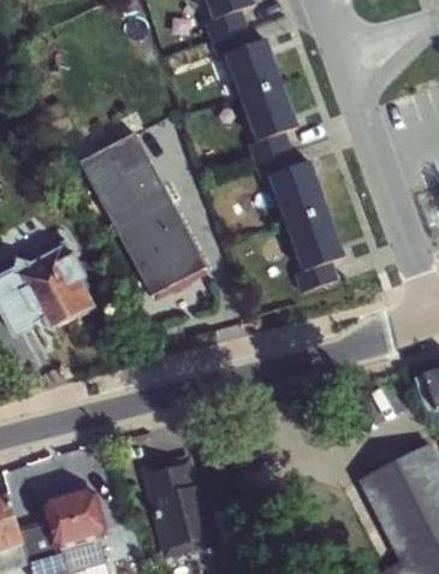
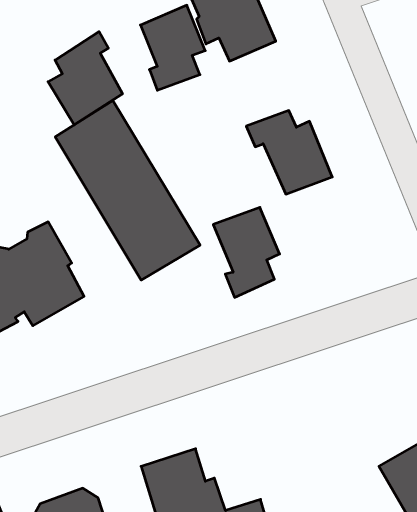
building: none -> [48,32,122,125]
building: [242,85,299,161] -> [140,5,205,90]
building: [286,212,345,292] -> [213,207,280,297]

